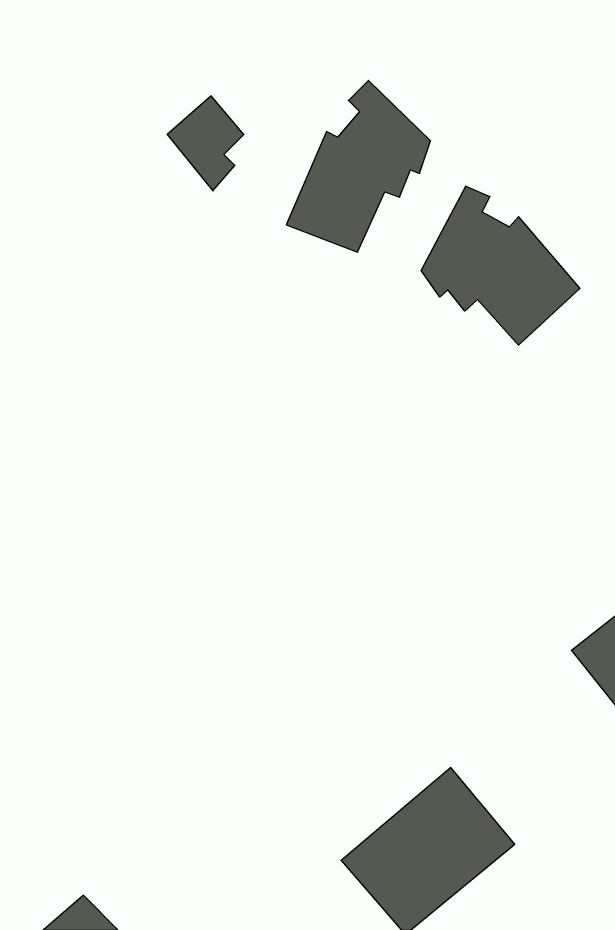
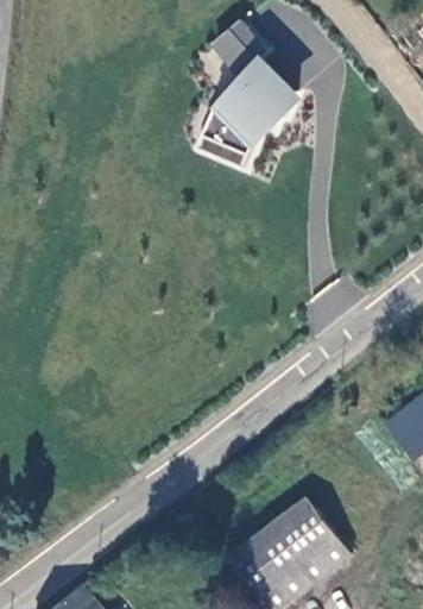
building: [167,96,244,191] -> [206,27,255,89]
building: [421,186,580,345] -> none

